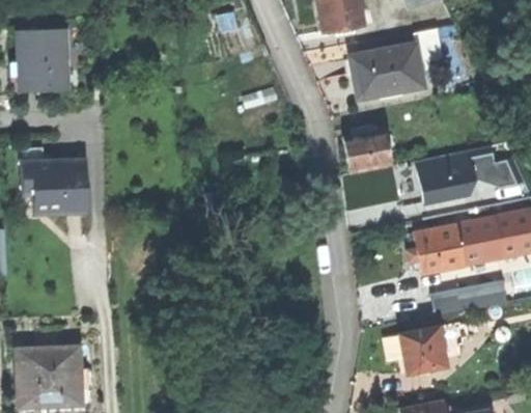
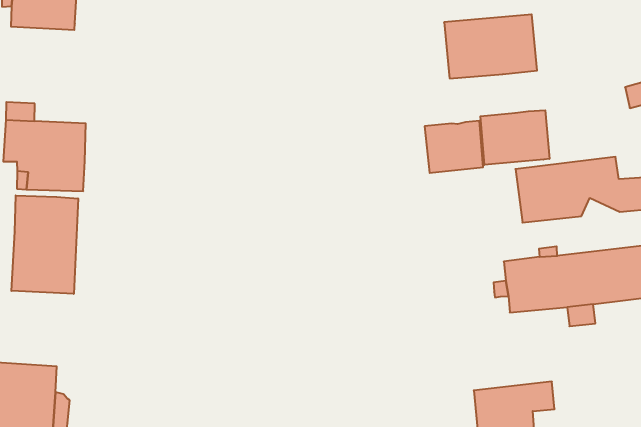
building: none -> [480,110,549,165]
building: none -> [11,195,78,294]
building: [430,280,507,318] -> none

